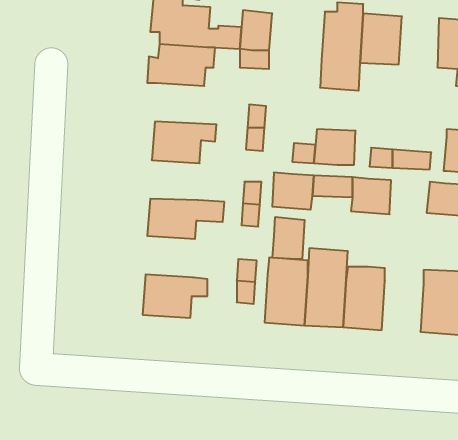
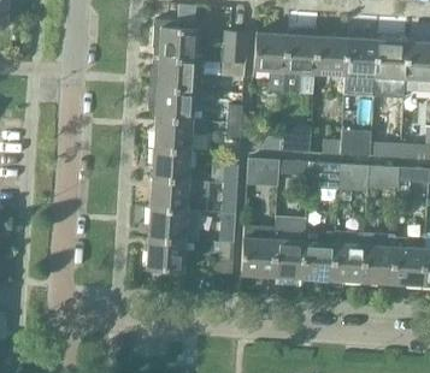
building: none -> [254,31,288,93]
building: none -> [344,37,377,96]
building: none -> [148,89,205,122]
building: none -> [152,149,190,180]
building: none -> [338,165,370,193]
building: [273,217,305,259] -> none
building: none -> [148,208,187,241]
building: none -> [332,232,365,283]

